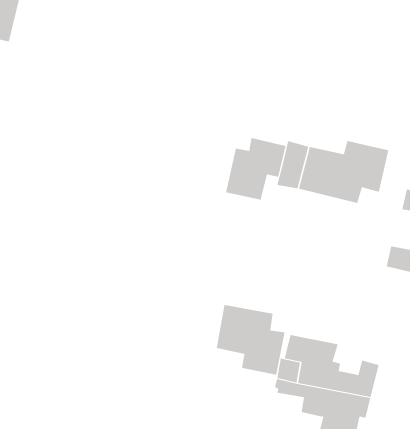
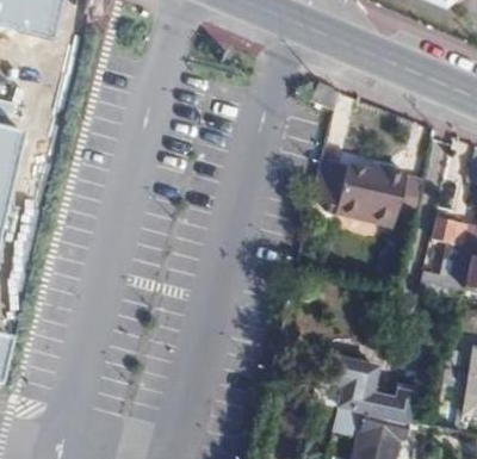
building: [225,137,286,201] -> none
building: [216,304,285,375] -> none

